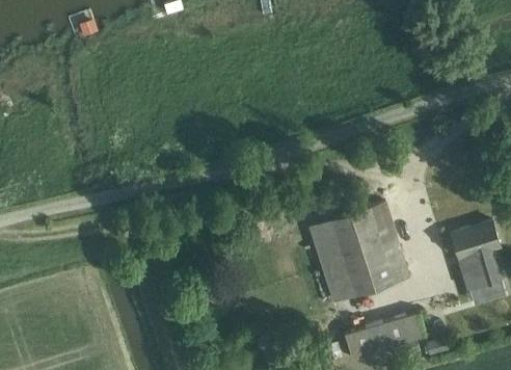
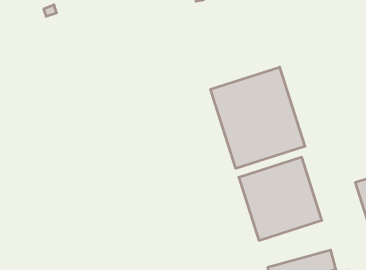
building: none -> [211,67,305,168]

